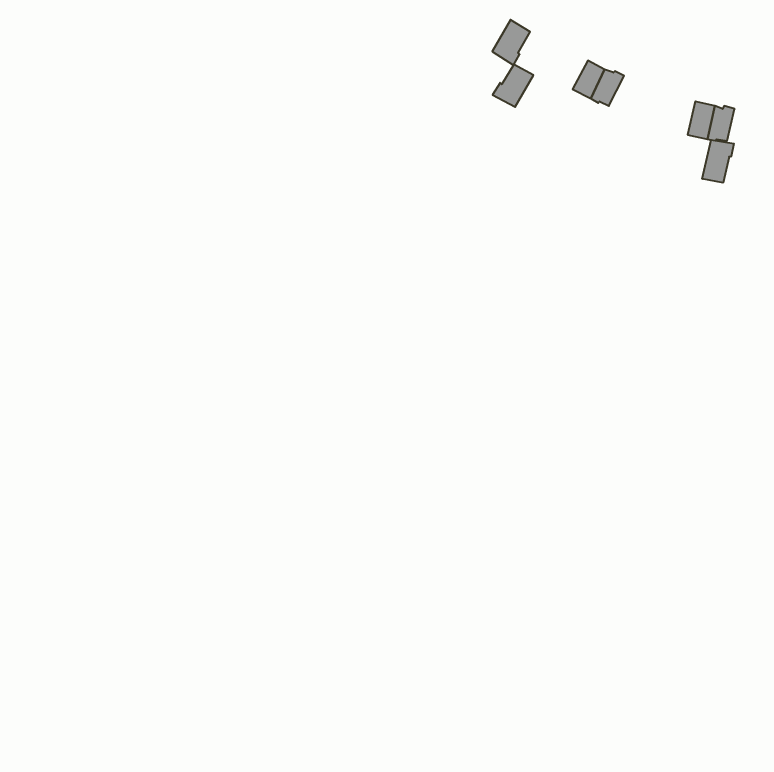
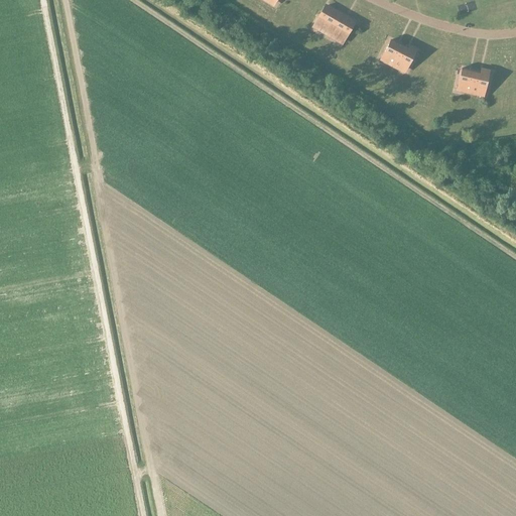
building: [493,65,533,107] -> [312,7,340,35]
building: [702,140,734,183] -> none

